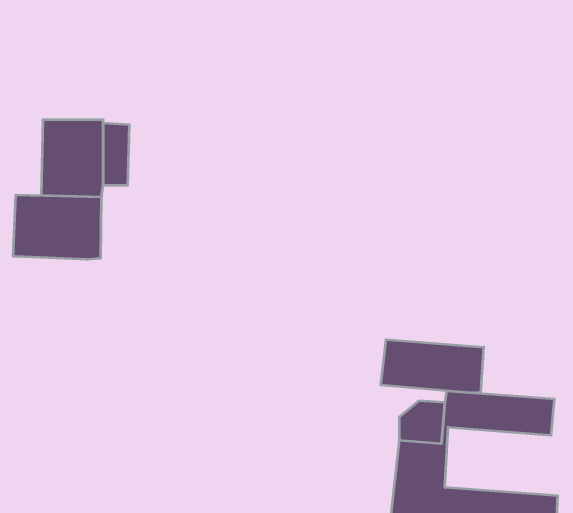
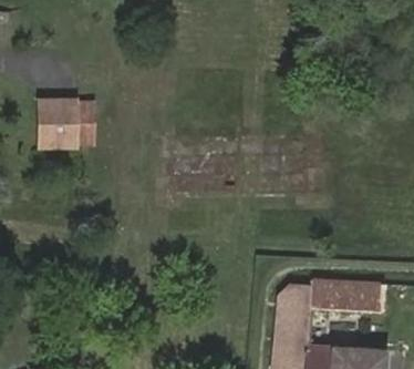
building: [13,195,101,260] -> none
building: [381,340,484,393] -> none

